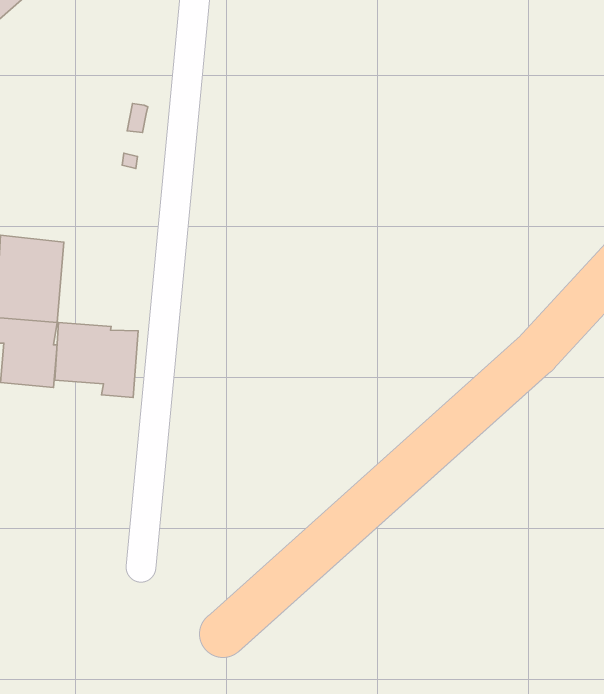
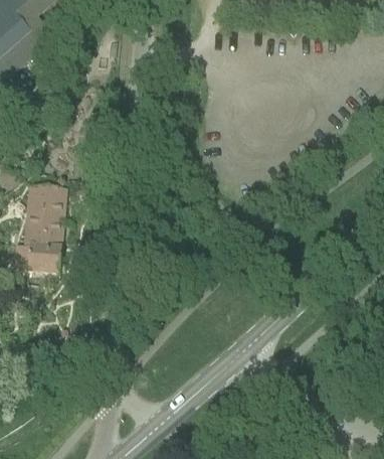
building: [55,322,138,398] -> none

